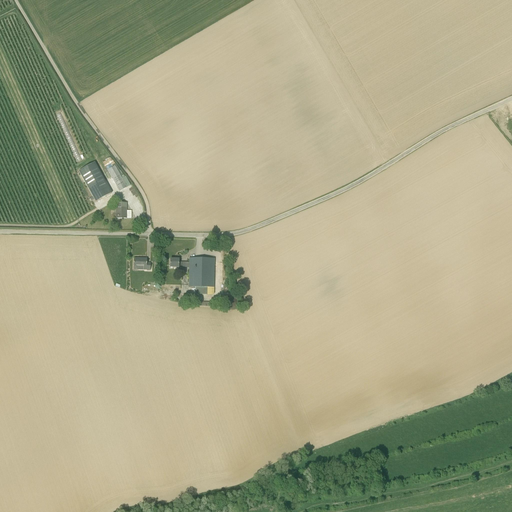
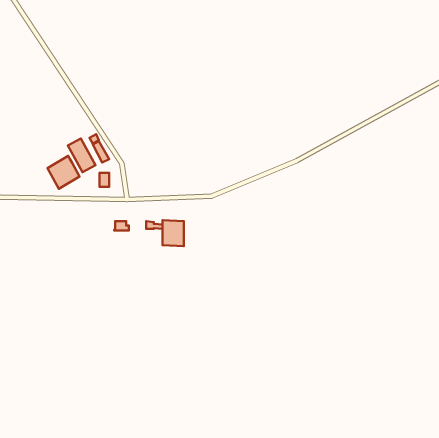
building: none -> [47,156,79,189]

